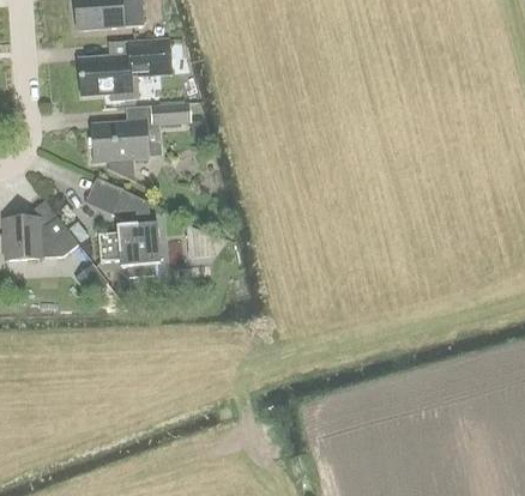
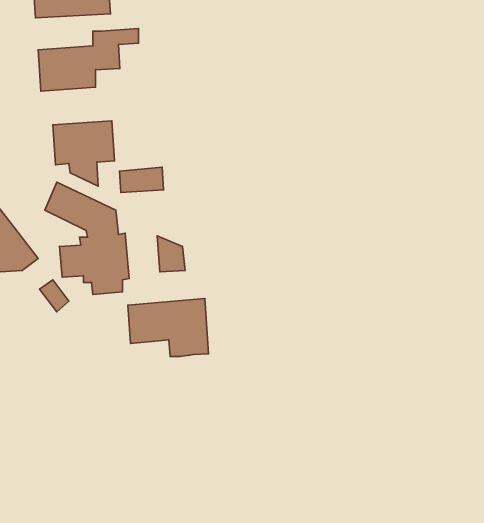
building: [151,102,191,125] -> [120,167,164,193]
building: none -> [128,298,209,356]

